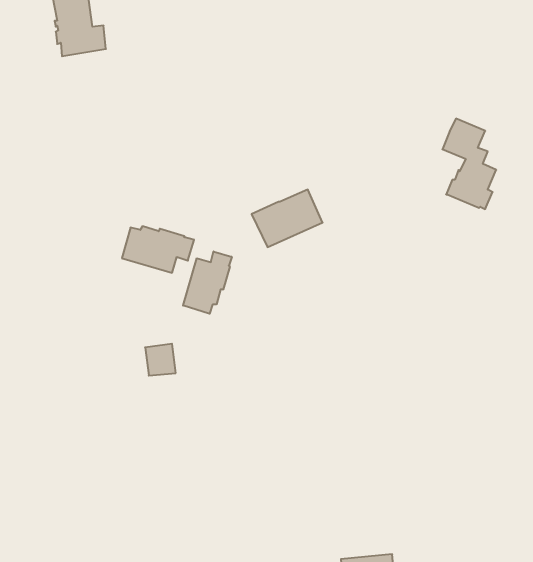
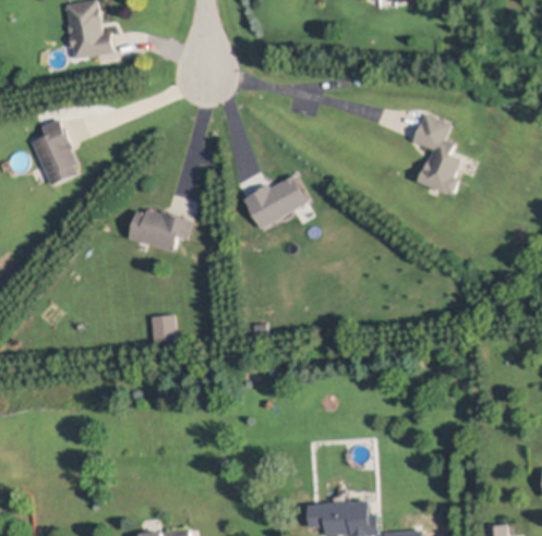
building: none -> [31,119,76,185]
building: [183,251,232,314] -> none

